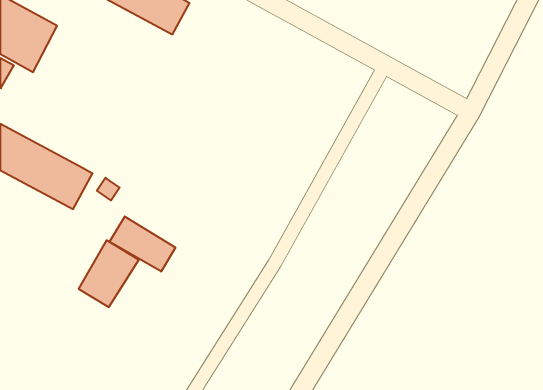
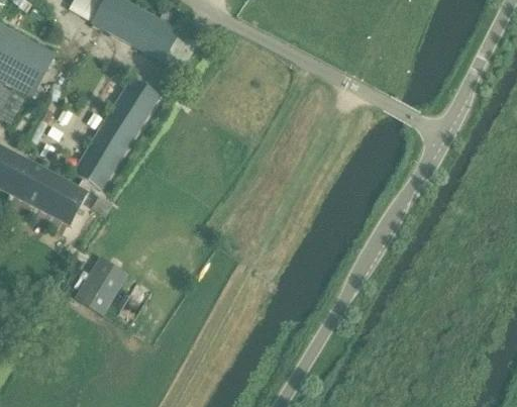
building: none -> [73,79,157,190]
building: [109,216,175,272] -> none

